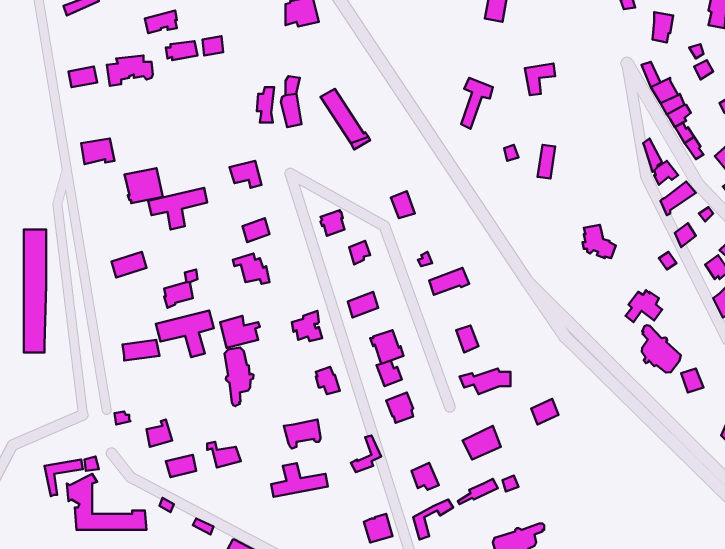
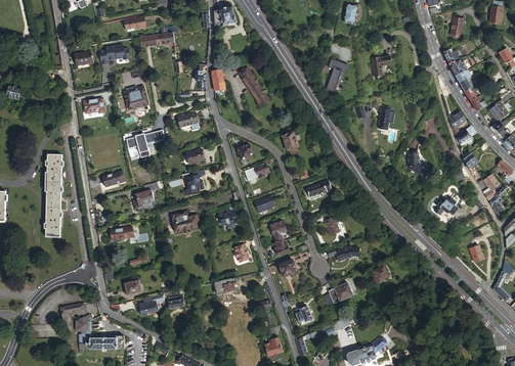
building: [125,168,163,203] -> [124,87,148,109]
building: [156,310,214,357] -> none
building: [642,325,681,372] -> none
building: [225,348,253,406] -> none
building: [271,463,328,497] -> none

